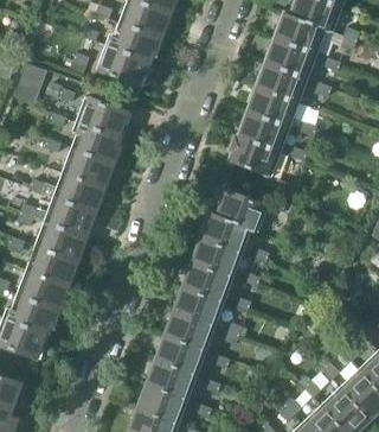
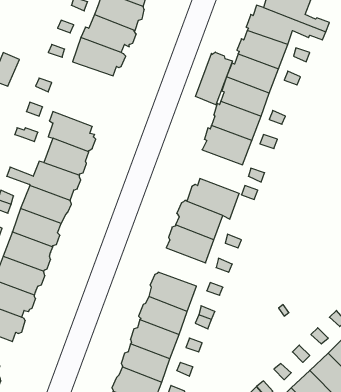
building: none -> [196,52,232,105]
building: [76,97,127,138] -> none
building: [184,262,232,301] -> none

